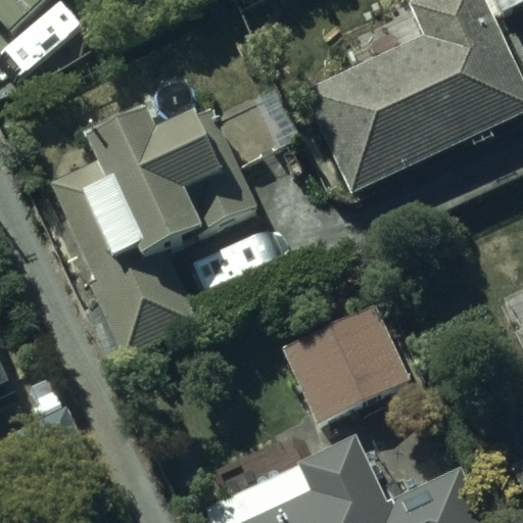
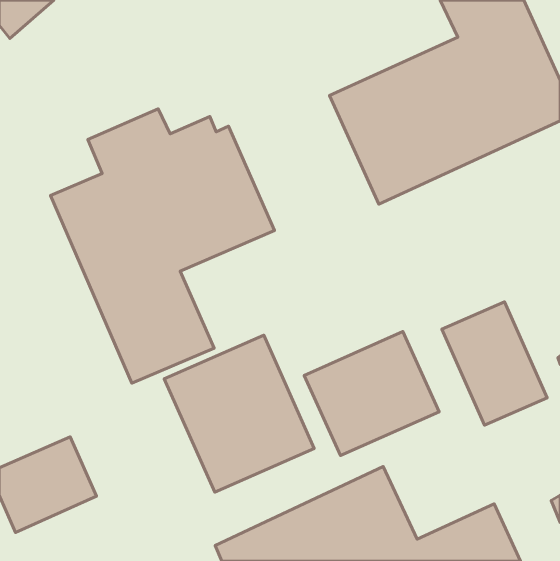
building: none -> [442,302,547,425]
building: none -> [164,335,314,492]

